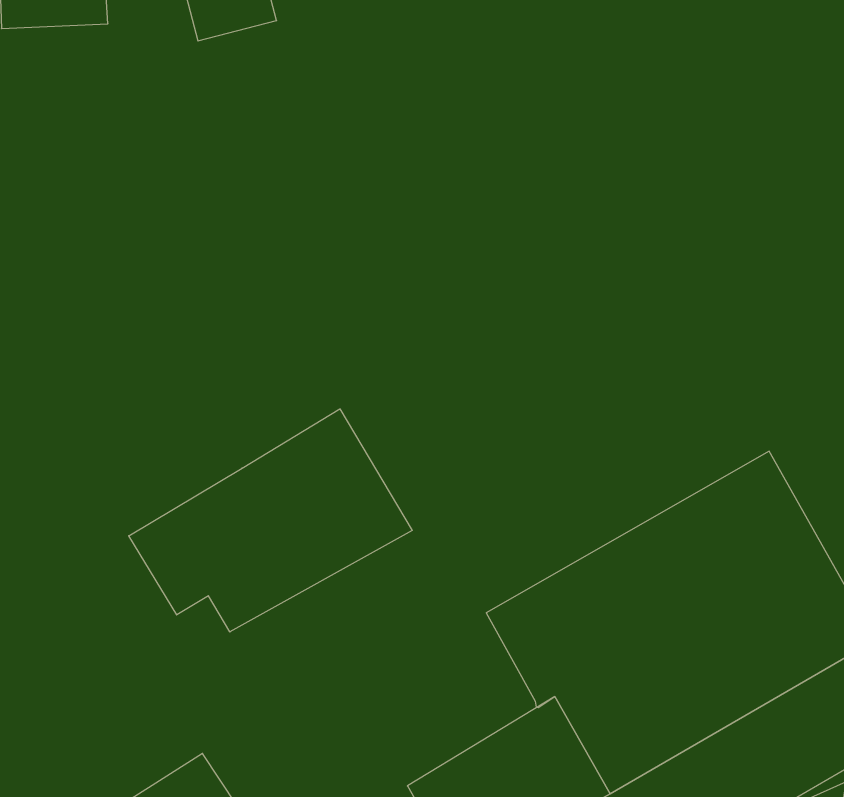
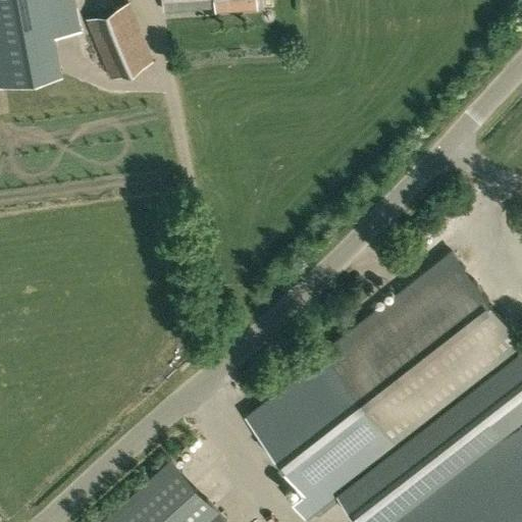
building: [129,409,412,632] -> none
building: none -> [248,364,348,464]

